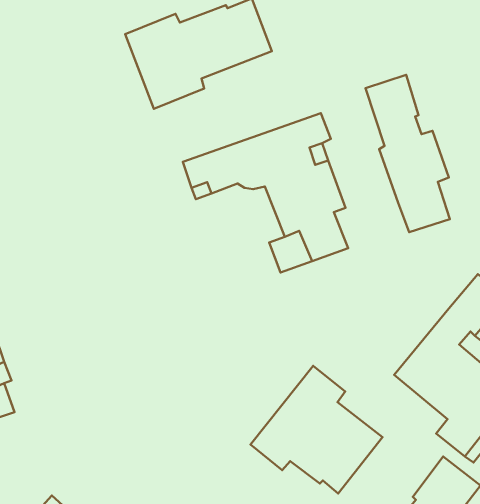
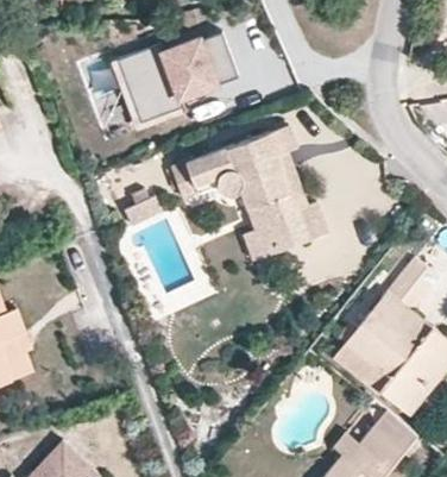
building: [366,75,450,232] -> none
building: [250,366,383,493] -> none

